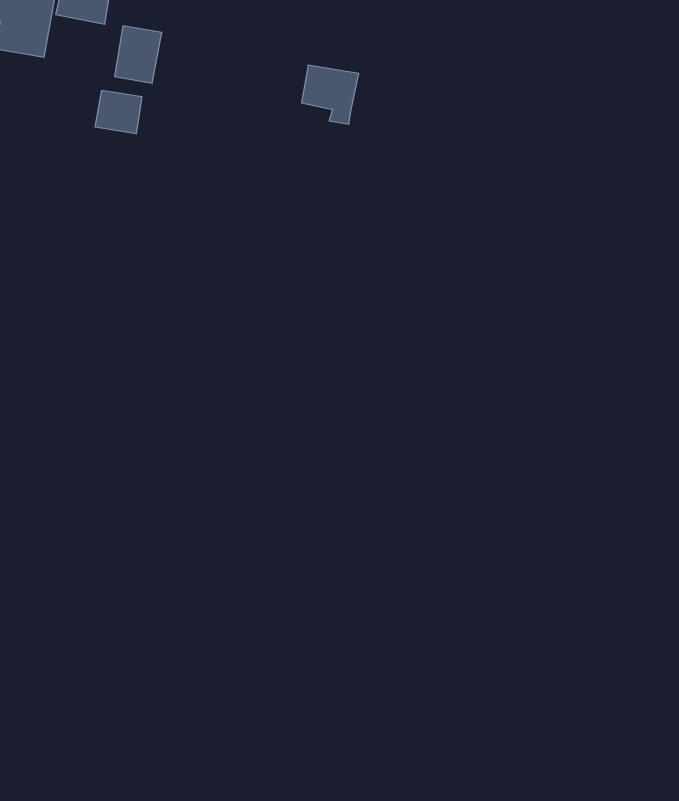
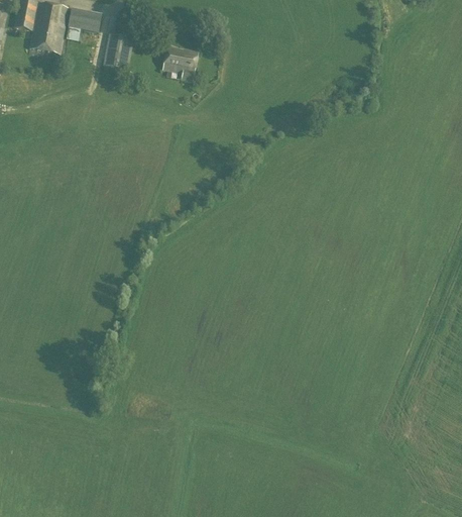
building: [301,65,359,124] -> [160,43,196,80]
building: [95,90,142,134] -> none

